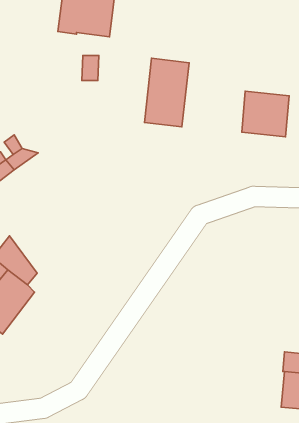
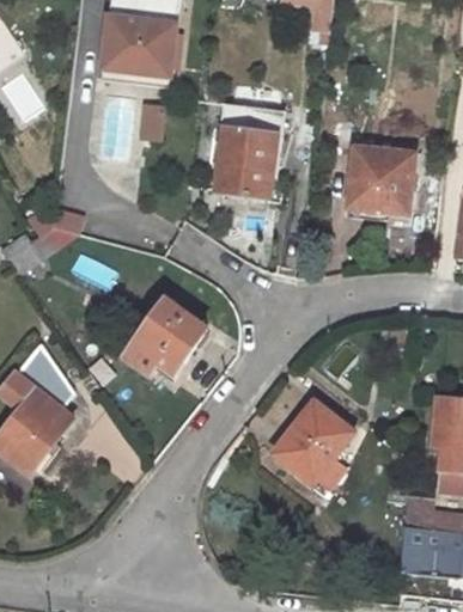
building: none -> [123,296,207,373]
building: none -> [274,400,352,483]

